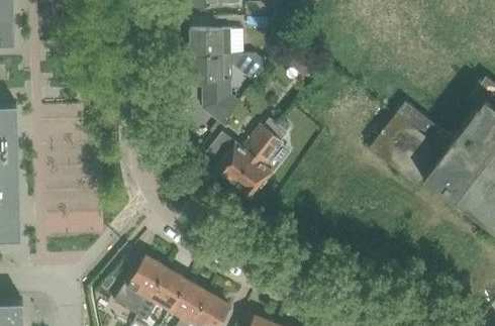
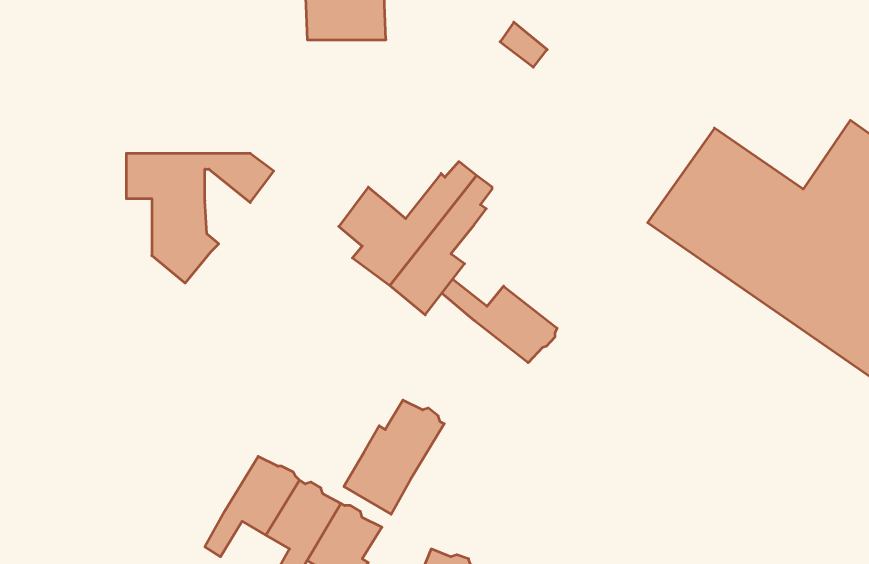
building: [191,55,267,121] -> [126,153,274,283]
building: none -> [442,279,557,363]
building: [114,256,166,315] -> [344,400,444,514]

